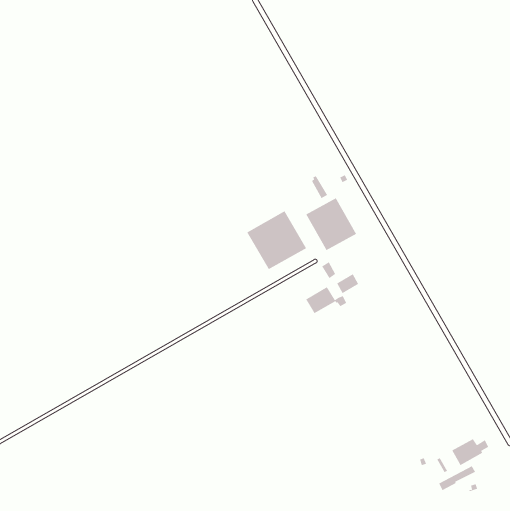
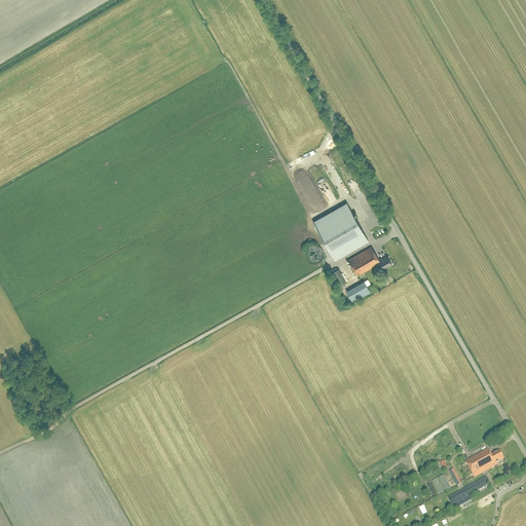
building: [246,210,307,270] -> none
building: [305,286,347,314] -> [347,247,390,275]

